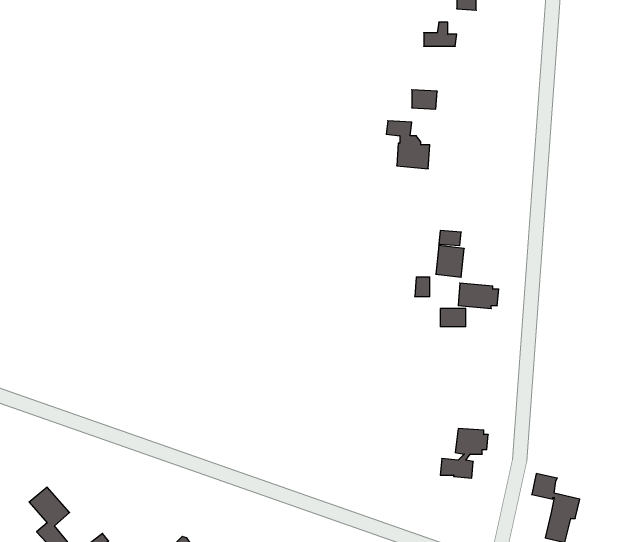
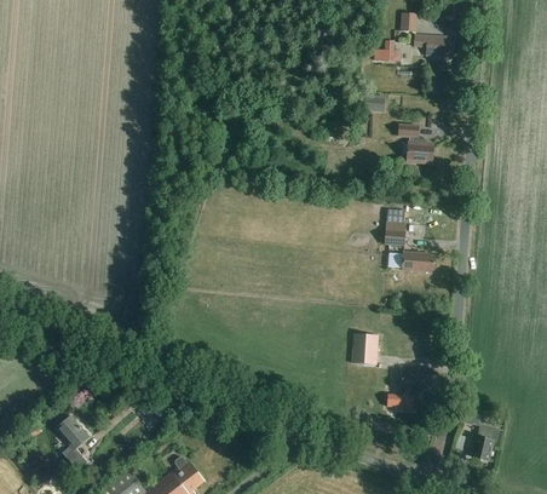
building: none -> [413,35,451,58]
building: [386,121,430,169] -> [398,125,433,163]
building: none -> [352,334,378,364]

